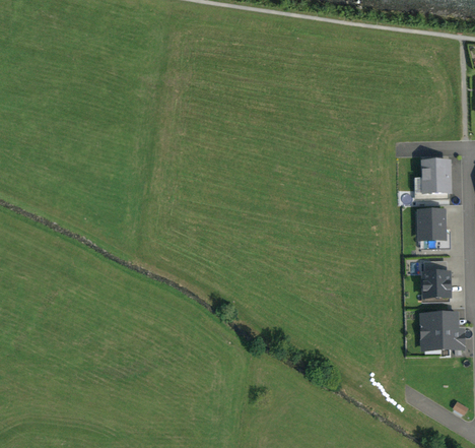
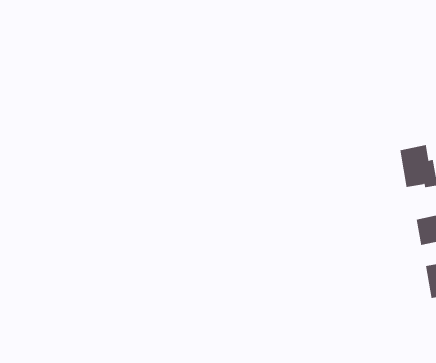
building: [422,163,447,190] -> none

